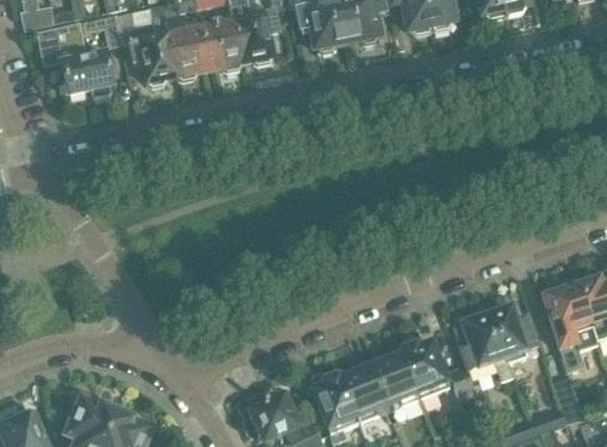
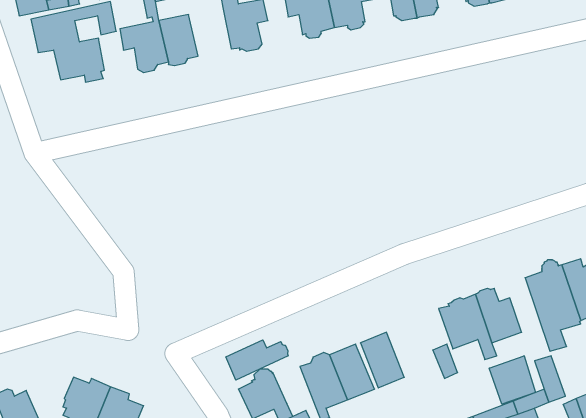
building: [202,18,241,69] -> none
building: [400,338,448,396] -> none
building: none -> [226,340,288,380]
building: none -> [489,356,536,404]

